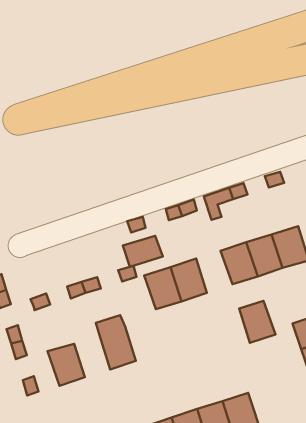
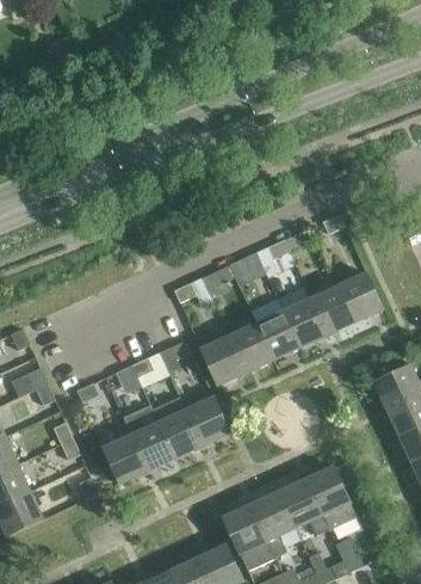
building: [123,236,163,267] -> none
building: [239,301,275,343] -> [256,311,301,359]
building: none -> [186,396,230,445]
building: none -> [131,422,175,471]

